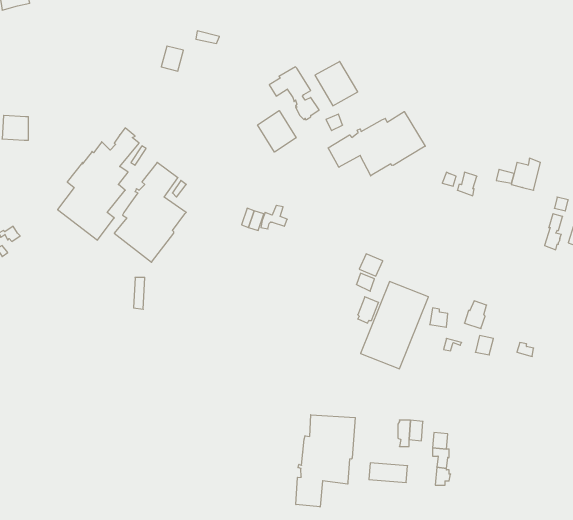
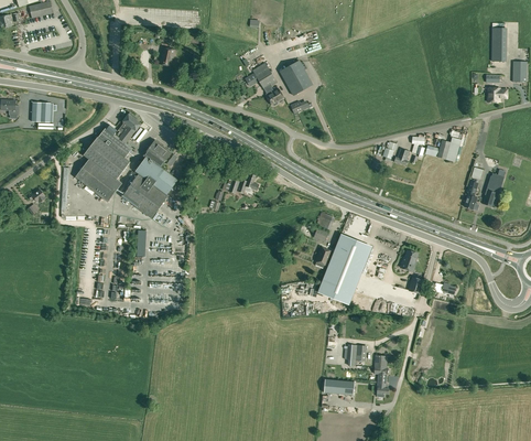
building: [258,111,296,152] -> none
building: [328,112,425,176] -> none
building: [296,415,355,507] -> none

